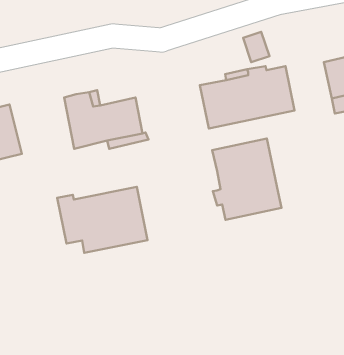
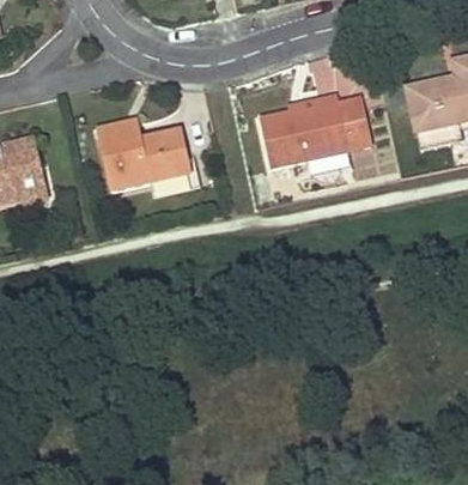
building: [212,139,281,220] -> none
building: [57,187,147,253] -> none

